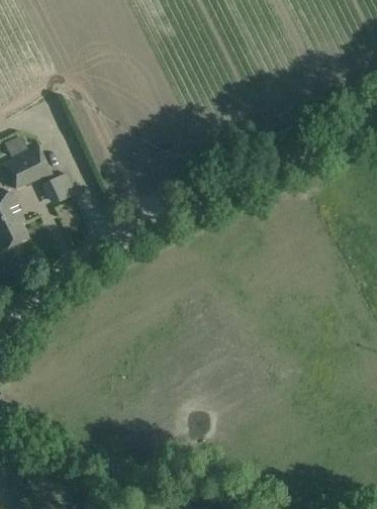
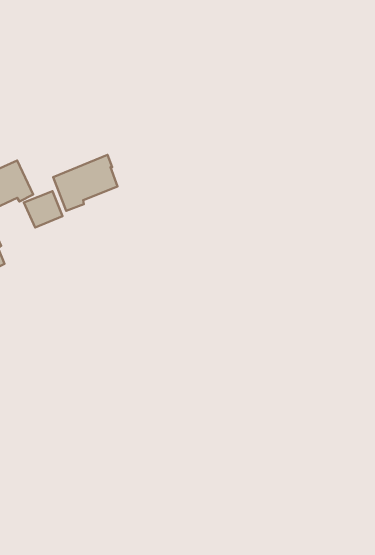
building: none -> [53,155,118,211]

